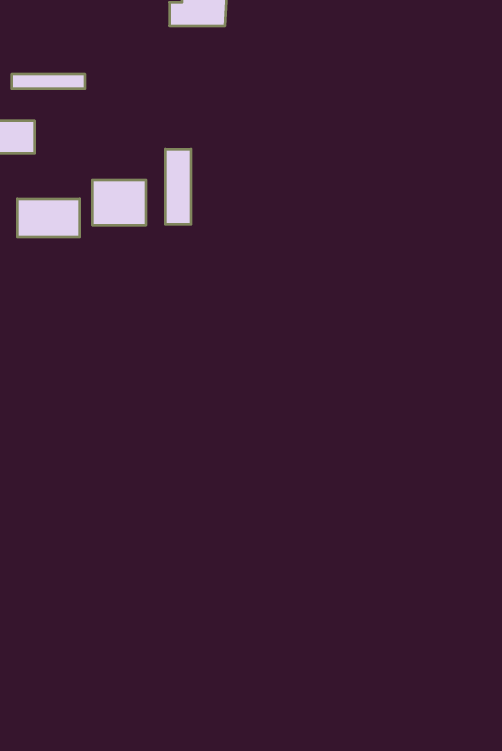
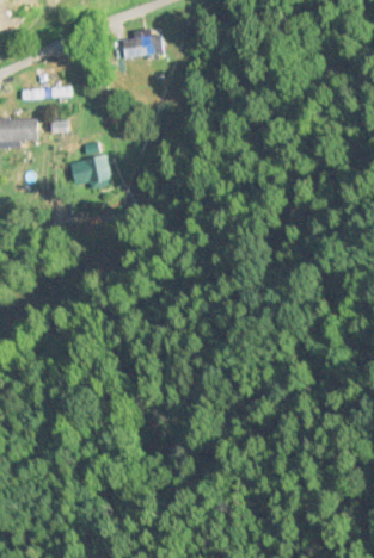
building: [165,149,191,224] -> none
building: [17,199,80,237] -> none

